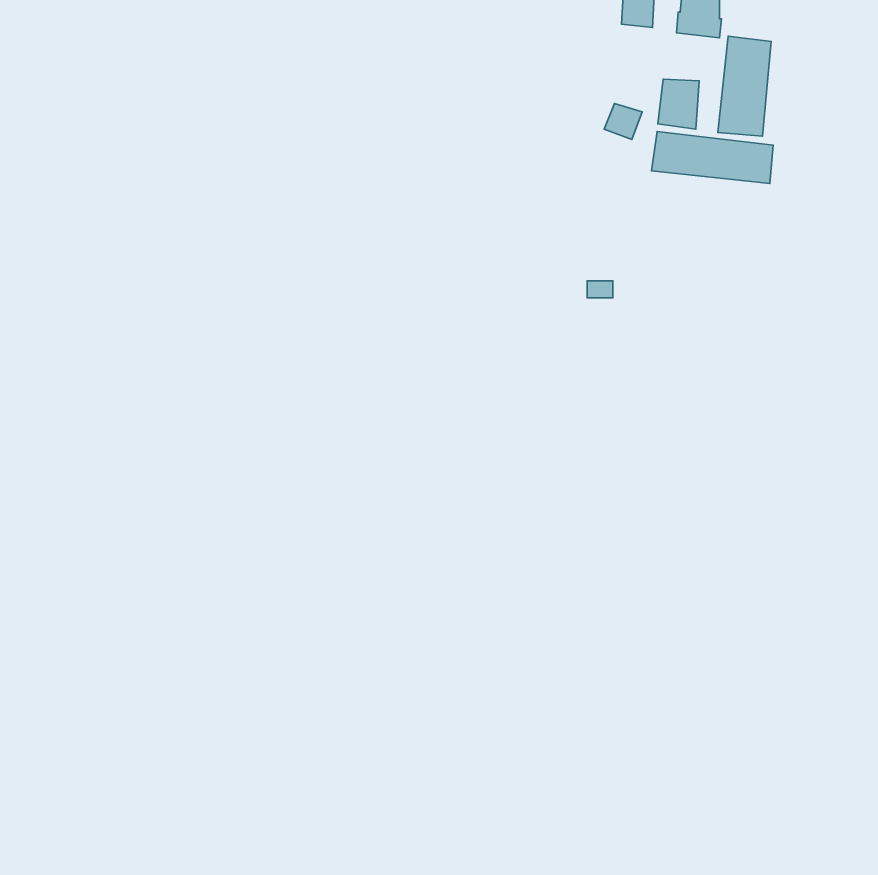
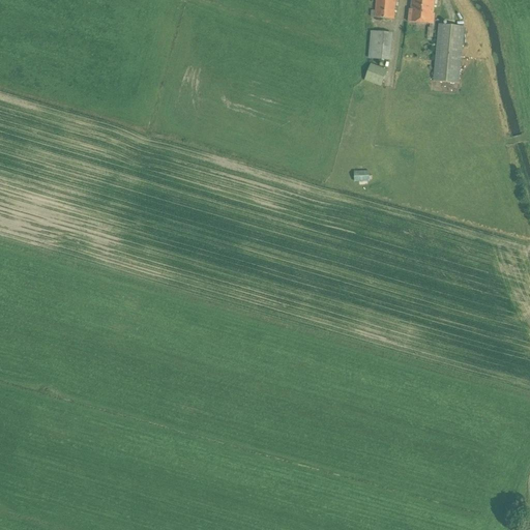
building: [658,79,699,129] -> [366,29,391,59]
building: [651,131,773,183] -> none

